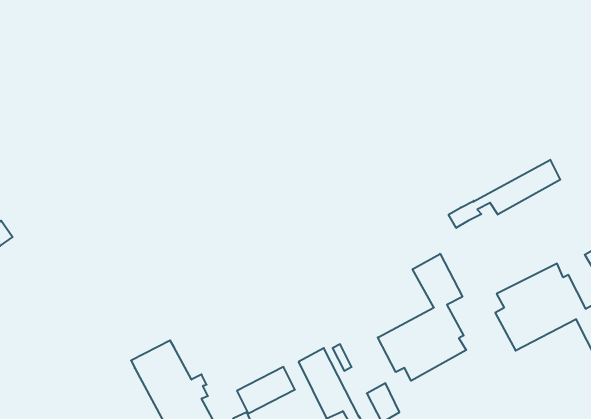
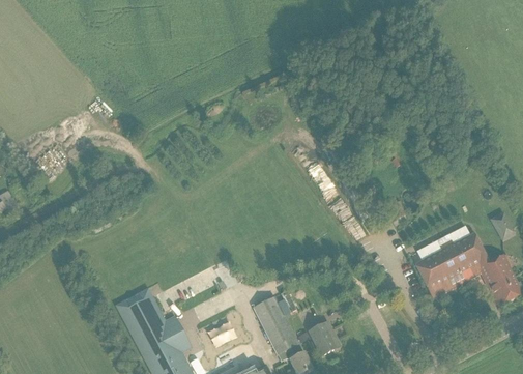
building: [449,160,560,228] -> none
building: [378,254,466,381] -> none

